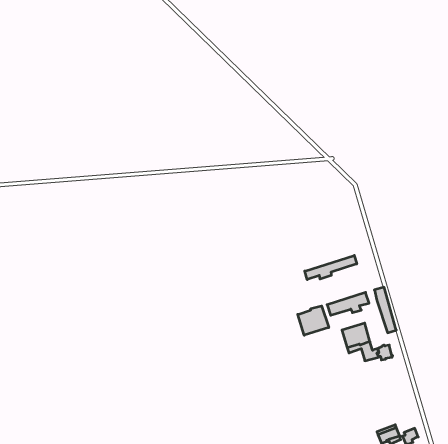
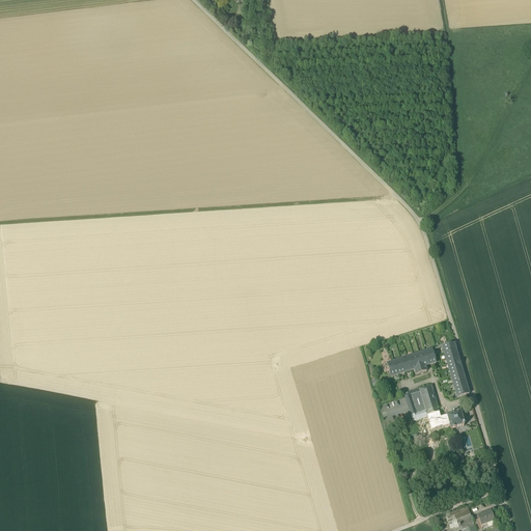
building: [305,255,357,280] -> none
building: [298,306,329,335] -> none

